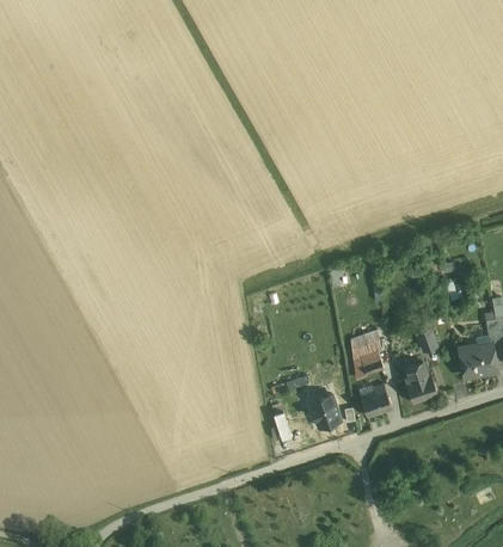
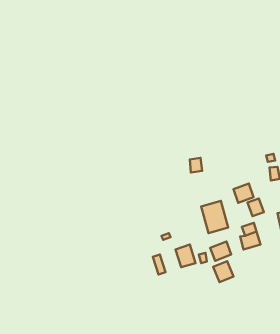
building: none -> [233,183,254,203]
building: none -> [213,261,233,282]

